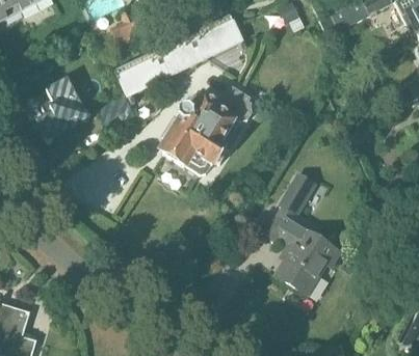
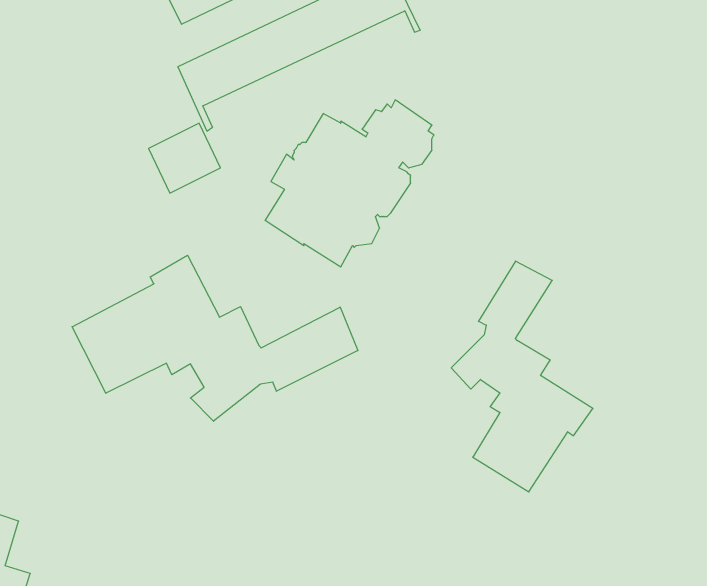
building: [36,77,90,141] -> none
building: none -> [72,255,358,421]

